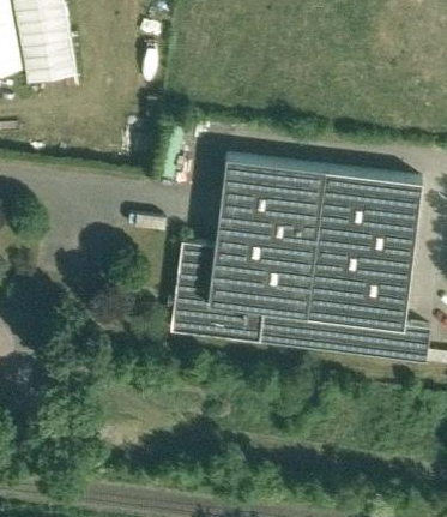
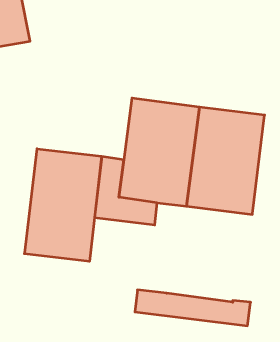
building: none -> [24,149,101,261]
building: [260,307,430,360] -> [135,290,251,326]

